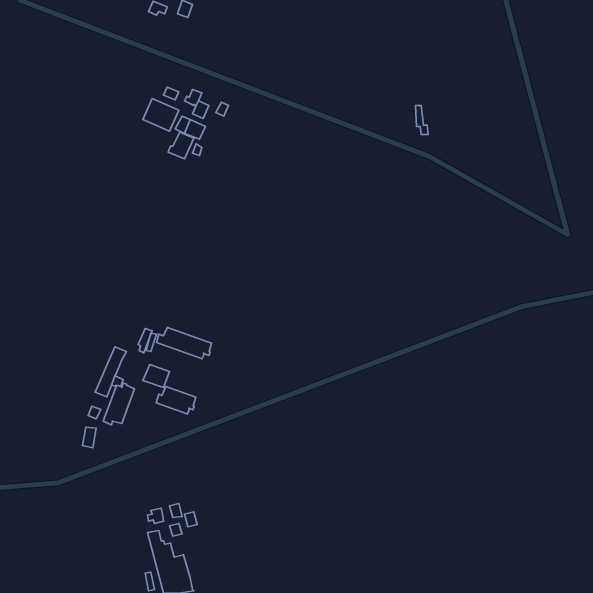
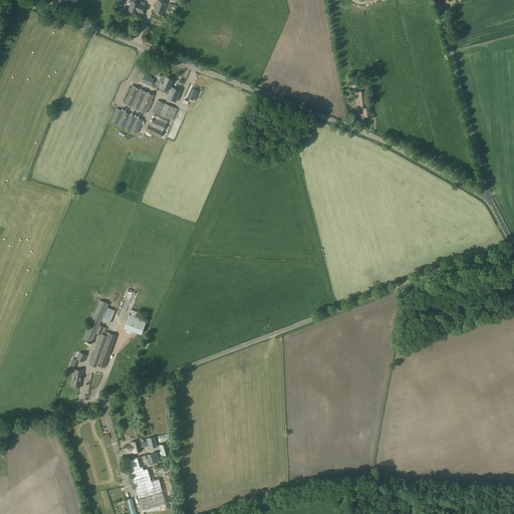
building: none -> [110,107,144,134]
building: [157,327,211,359] -> none
building: [156,387,196,414] -> none

